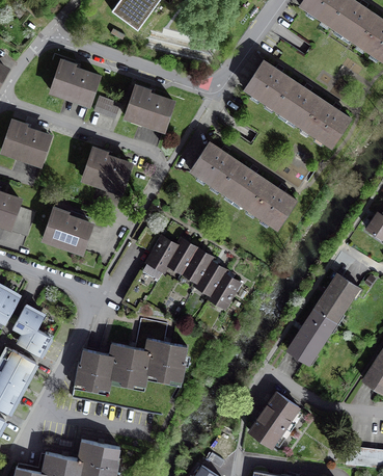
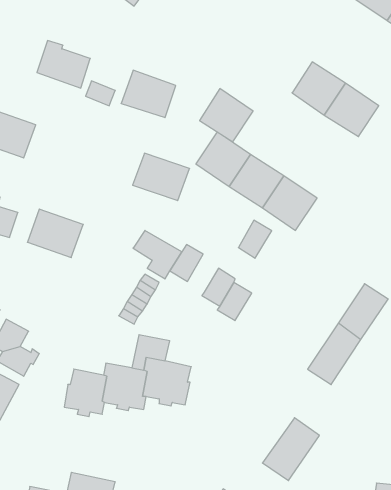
building: [246,61,293,108] -> [200,89,253,142]
building: [82,151,132,192] -> [133,153,190,201]
building: [184,249,213,283] -> [238,220,272,258]

